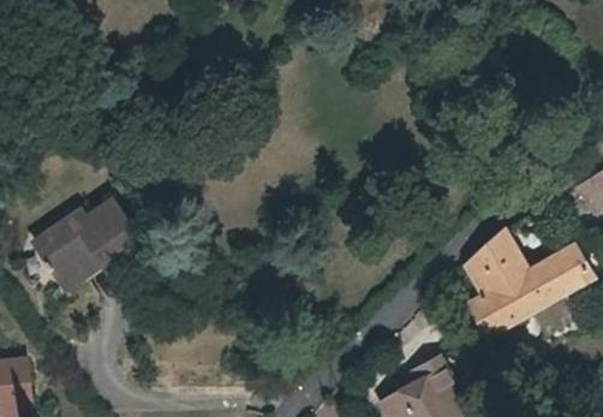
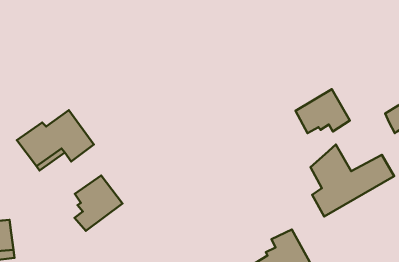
building: none -> [296,89,350,133]
building: none -> [75,176,123,231]

